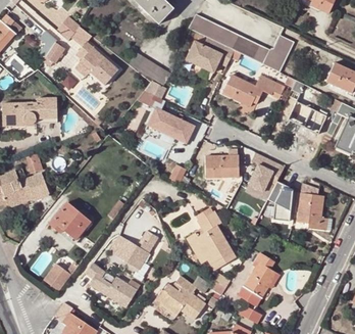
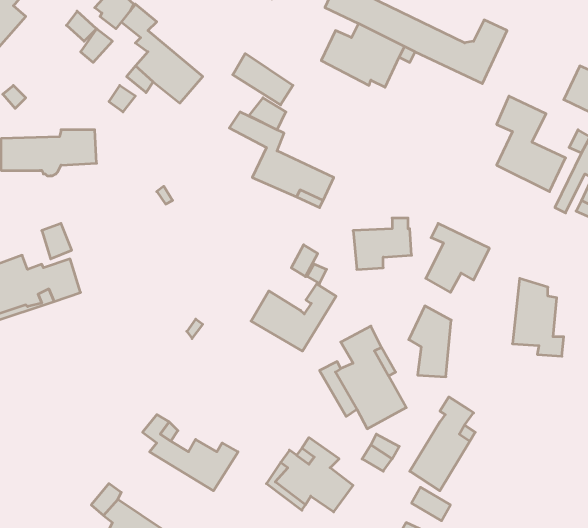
building: [222,75,285,106] -> none
building: [267,182,292,223] -> [409,306,451,377]
building: [49,203,90,240] -> none
building: [109,231,158,270] -> [251,284,336,351]
building: [46,260,74,290] -> none

